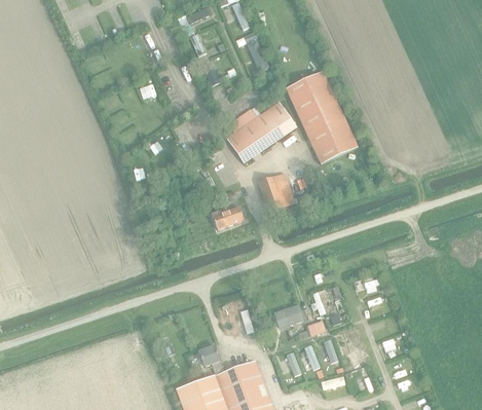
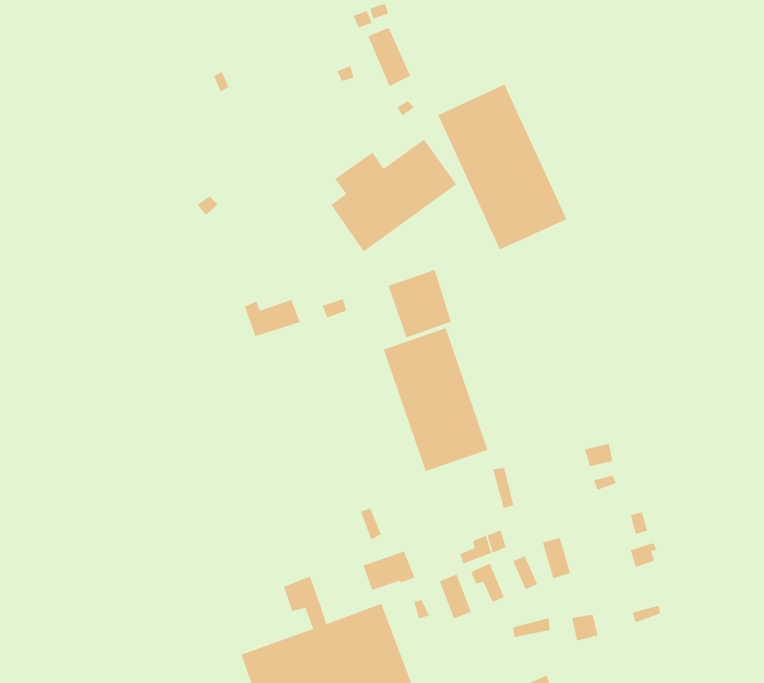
building: none -> [383,327,489,472]
building: [212,208,244,229] -> [244,299,301,337]
building: [273,304,303,327] -> [362,550,416,591]

